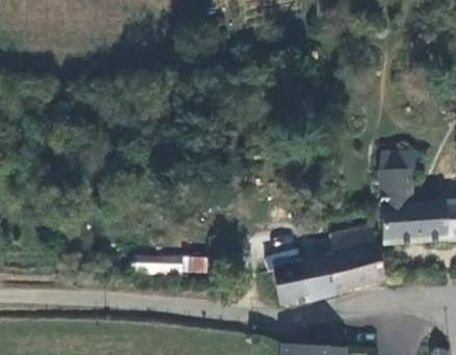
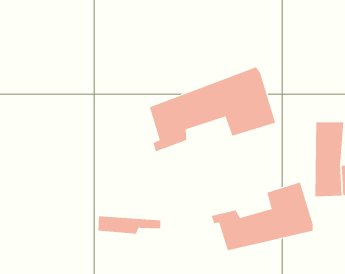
building: none -> [149,66,276,152]

